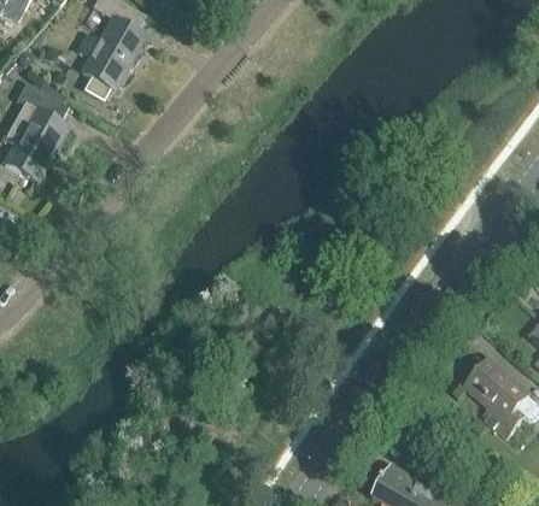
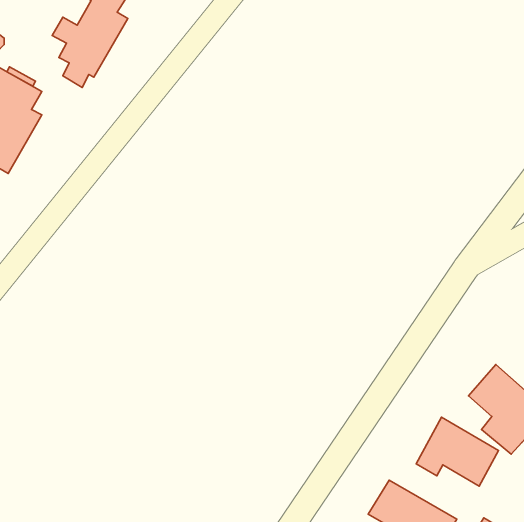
building: none -> [416,417,499,486]

